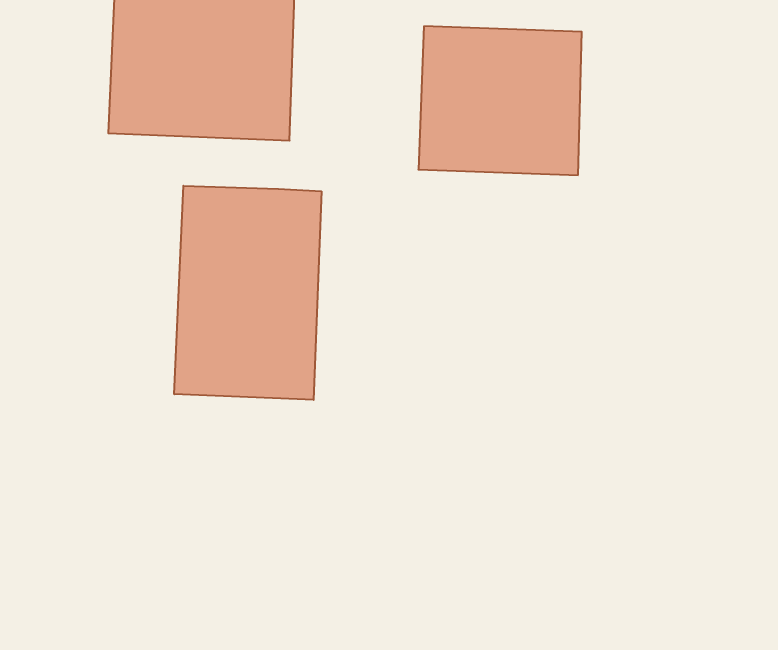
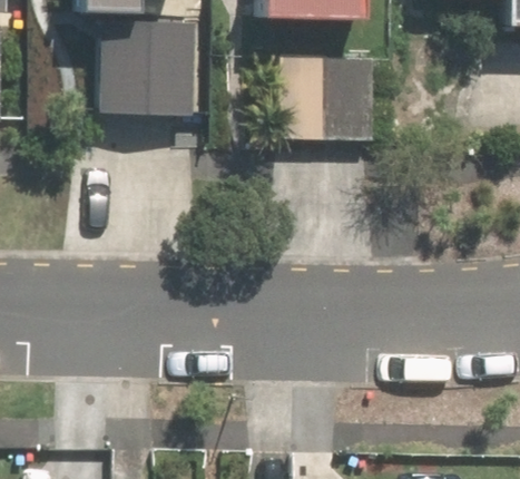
building: [174,186,321,400] -> none

